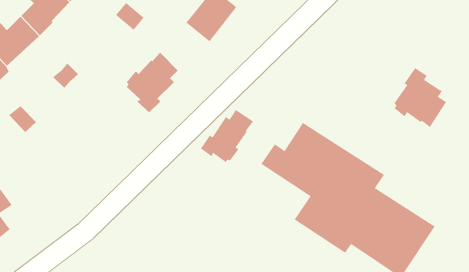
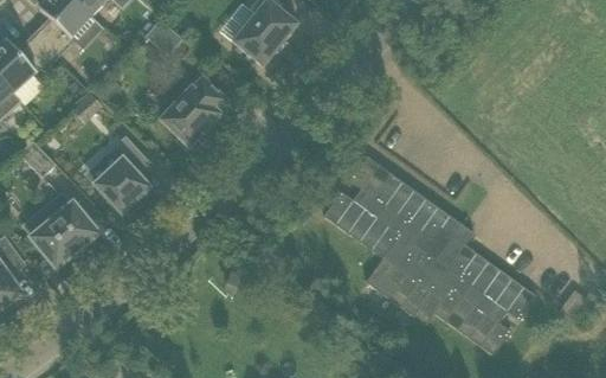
building: [394,67,447,128] -> none
building: none -> [94,136,150,213]
building: [200,109,254,163] -> none
building: none -> [31,192,98,268]

